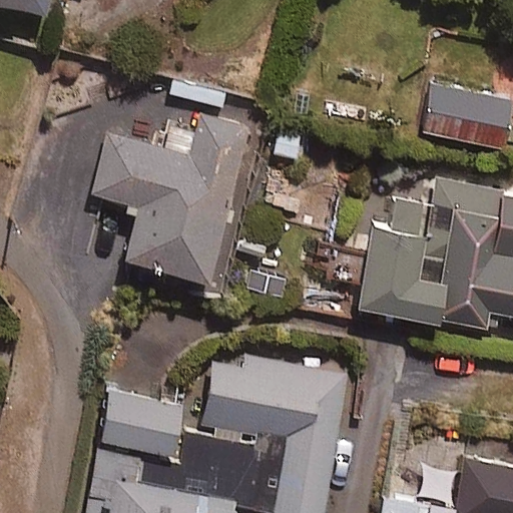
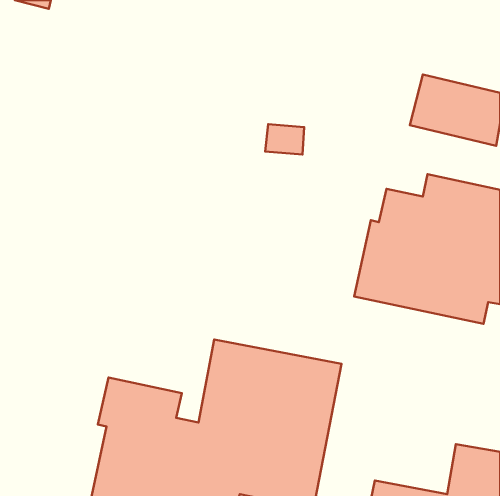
building: [89,100,251,285] -> none

